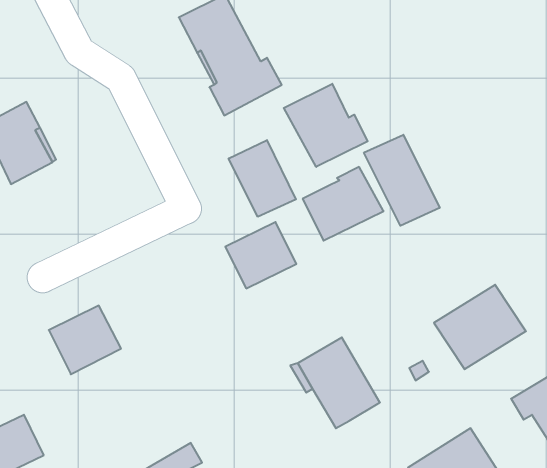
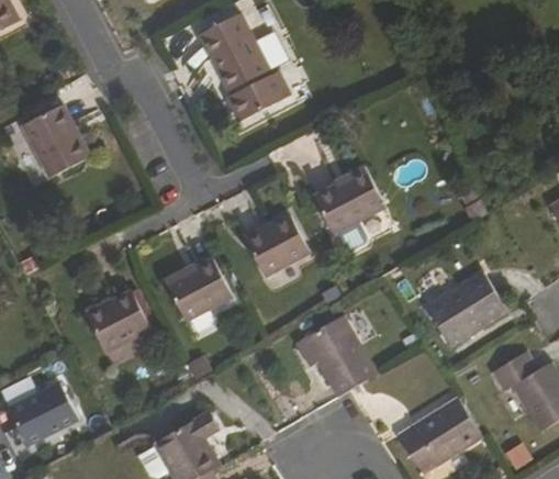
building: [284,84,368,167] -> none
building: [364,135,440,226] -> none
building: [229,140,296,217] -> none
building: none -> [159,257,228,318]

